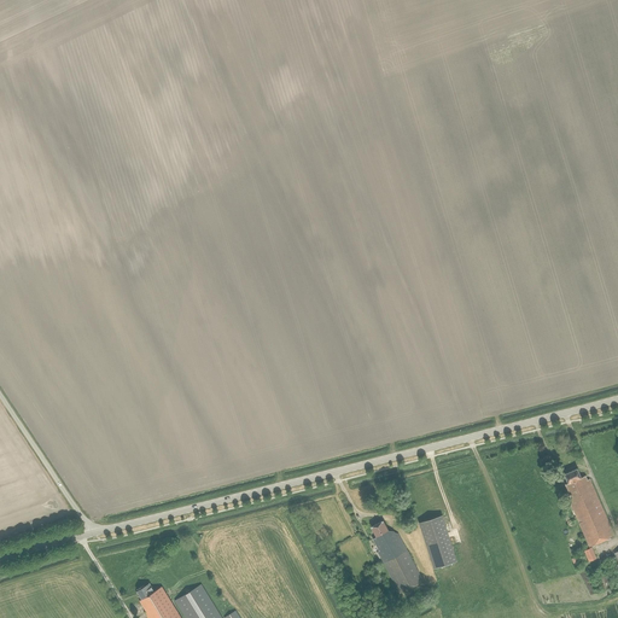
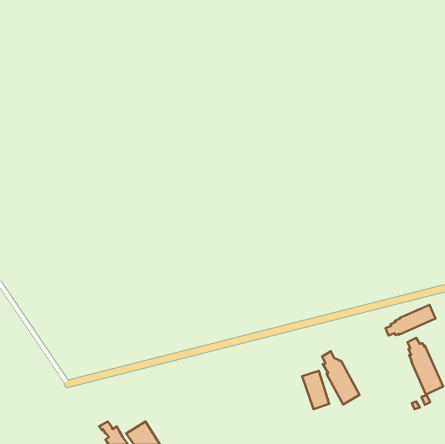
building: none -> [386,305,436,335]
building: [372,521,424,595] -> [322,351,360,404]

